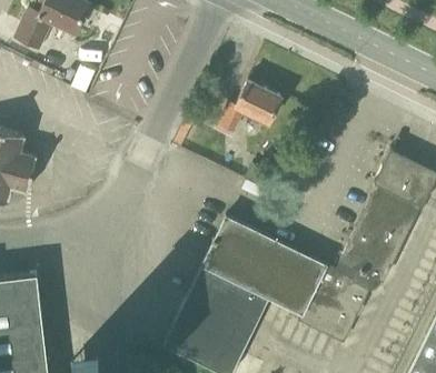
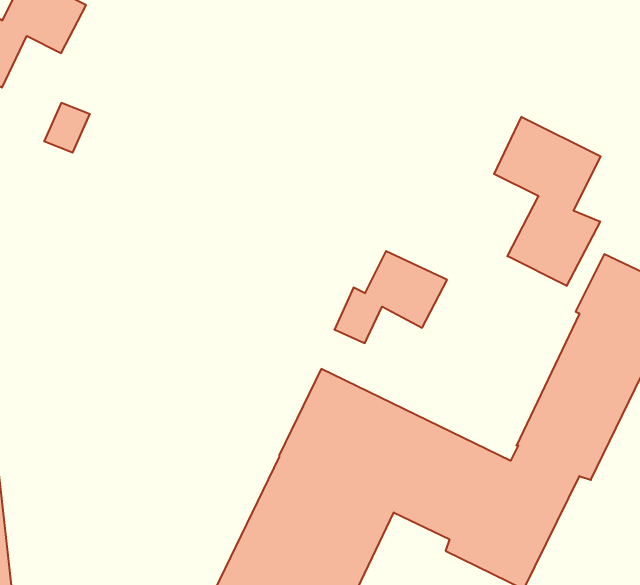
building: none -> [494,117,601,286]
building: [216,81,281,134] -> [334,251,447,343]

